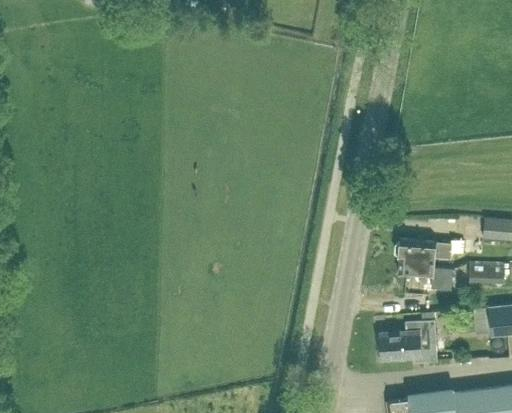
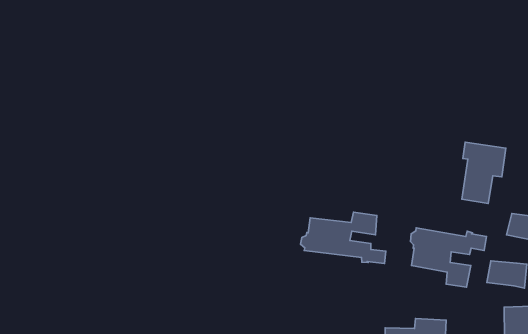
building: none -> [462,142,506,204]
building: none -> [301,212,386,264]

